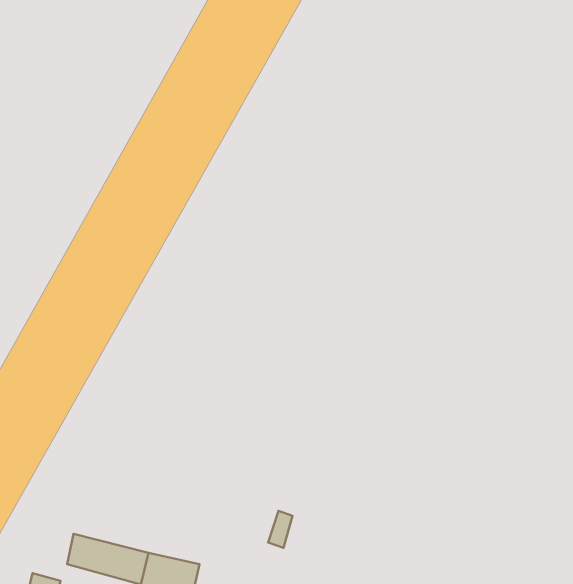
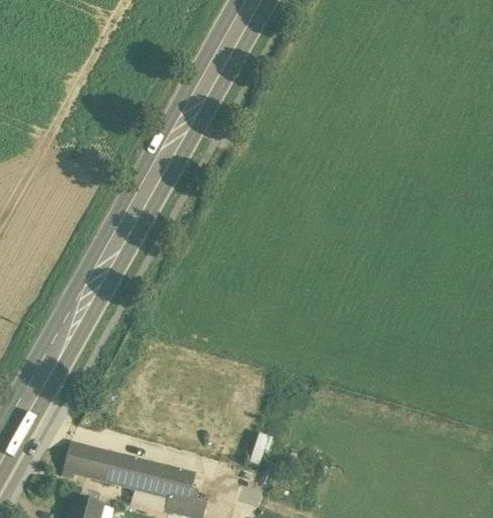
building: none -> [64,444,95,478]

